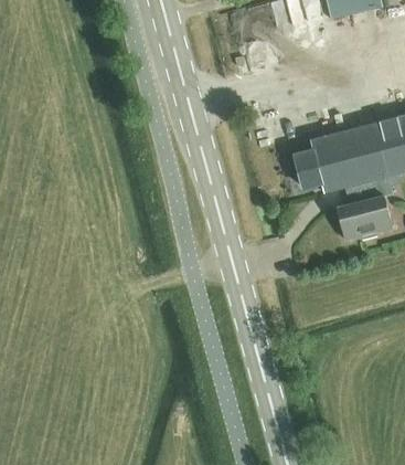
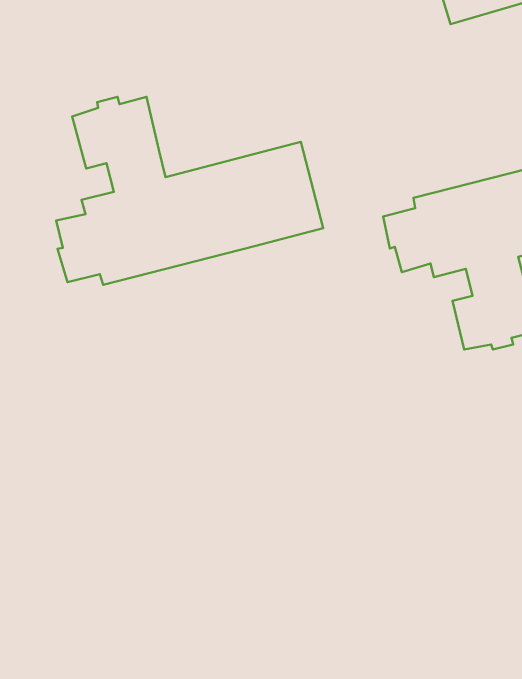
building: none -> [56,97,323,285]

